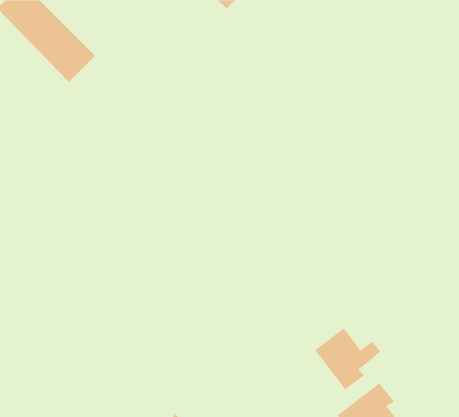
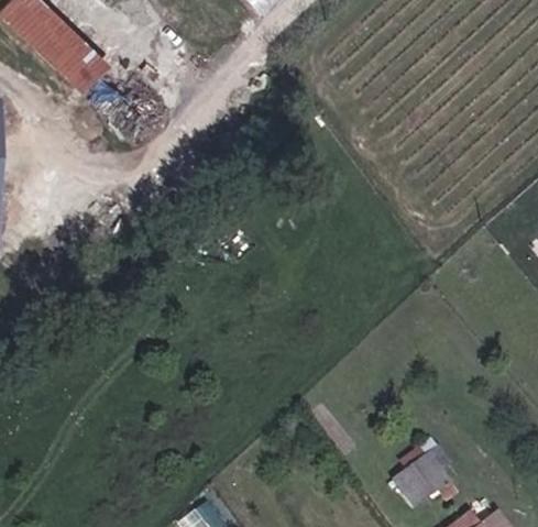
building: [315,328,381,390] -> none

